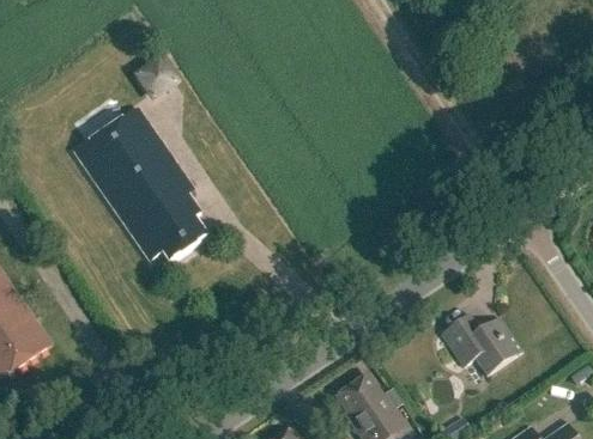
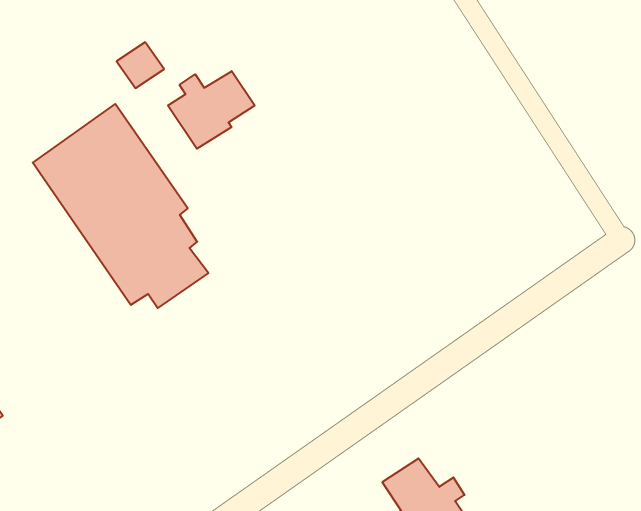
building: none -> [168,71,255,149]
building: [441,312,524,374] -> none

